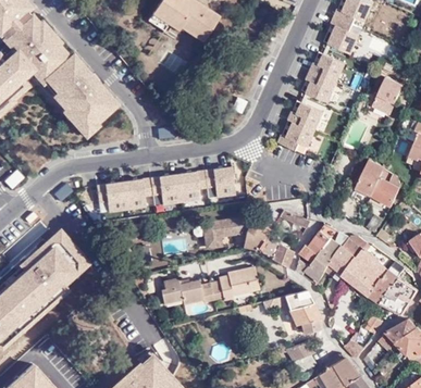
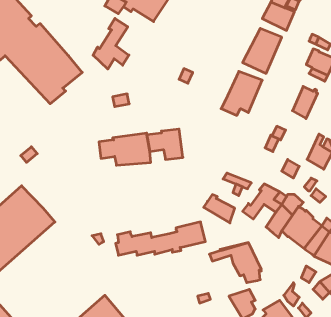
building: none -> [93,18,129,69]
building: [357,162,385,198] -> [292,86,318,119]
building: [95,176,144,210] -> none
building: [203,222,270,251] -> none
building: [297,248,337,283] -> none

